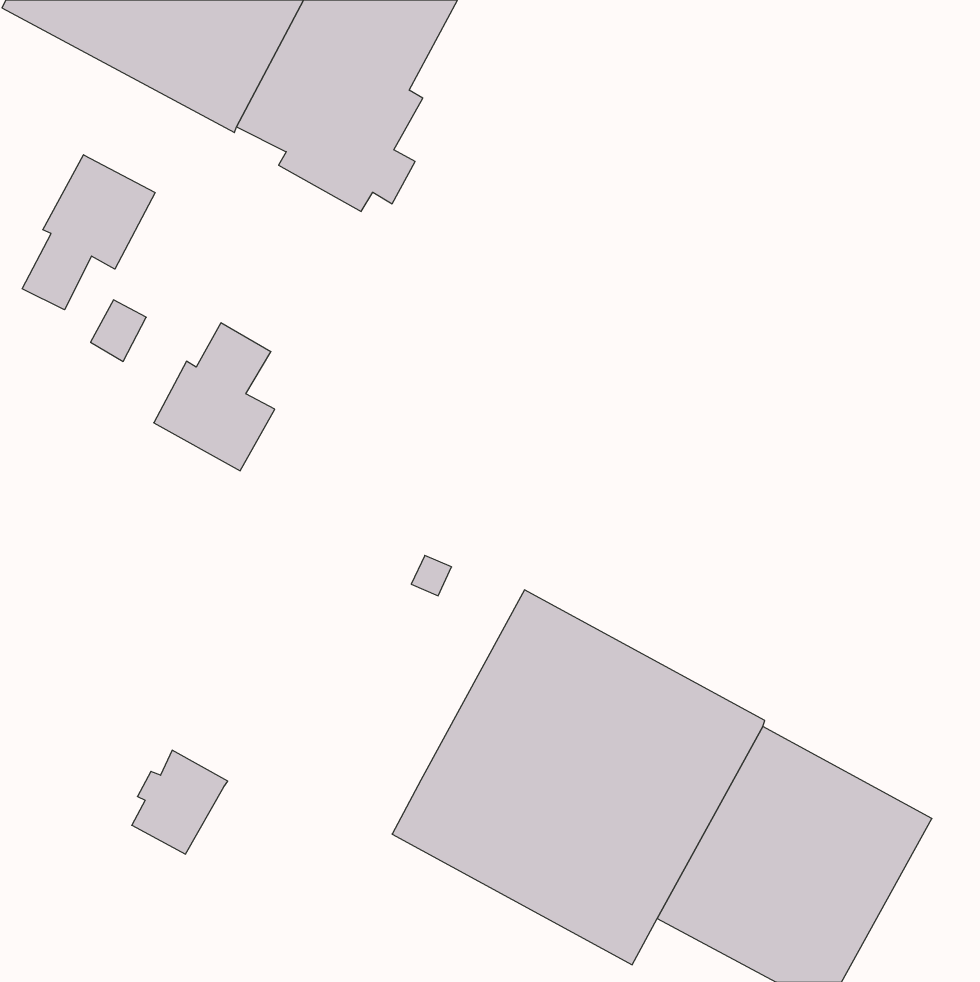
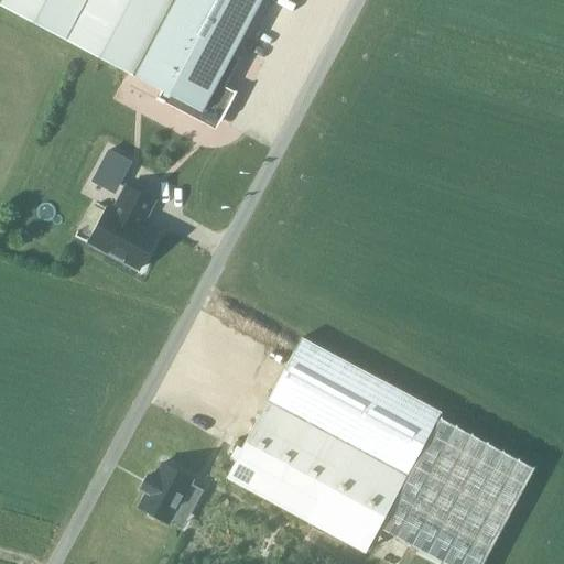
building: [22,155,155,310] -> none
building: [91,300,146,361] -> [97,150,129,185]
building: [132,750,228,854] -> [141,459,196,519]

